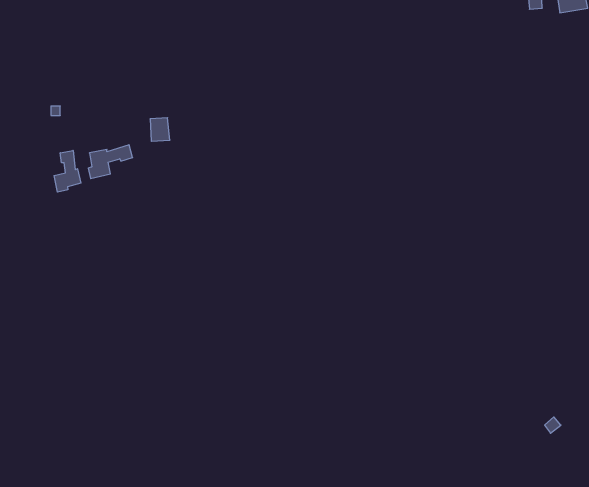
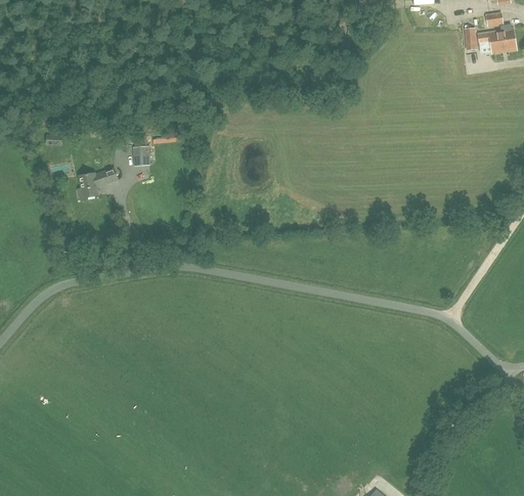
building: [54,150,81,192] -> none

